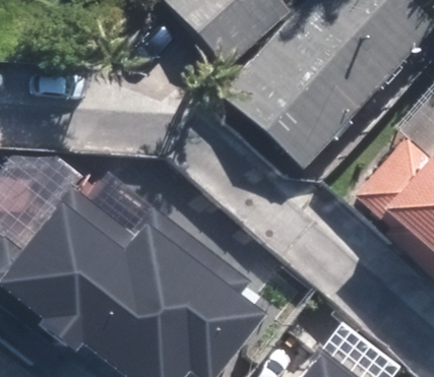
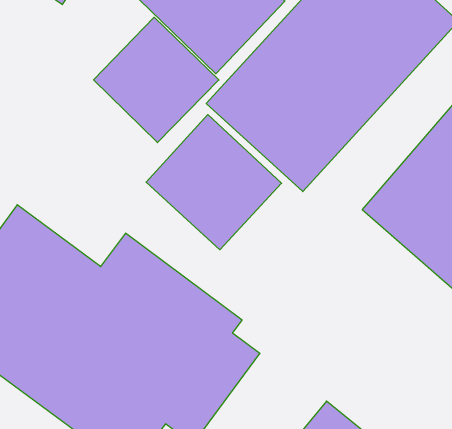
building: none -> [94,17,219,143]
building: none -> [146,115,282,250]

